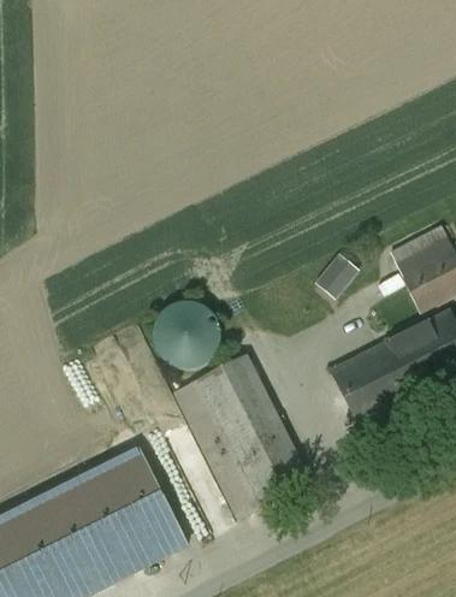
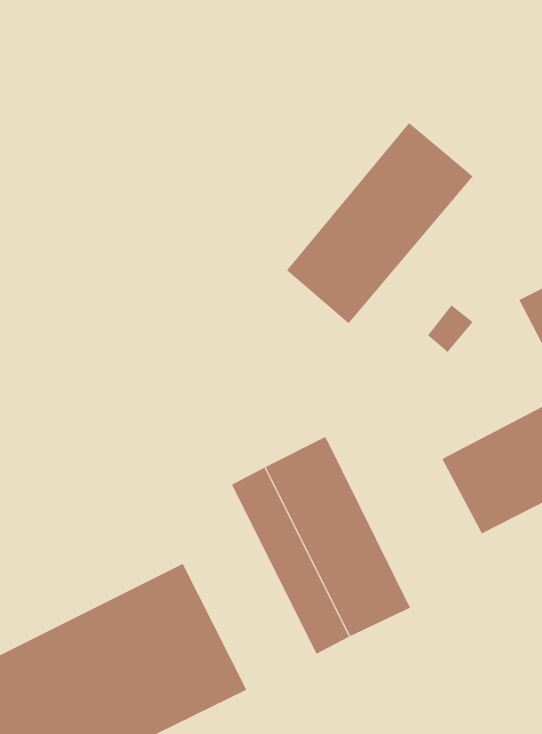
building: none -> [286,122,473,324]
building: [141,294,215,368] -> none

